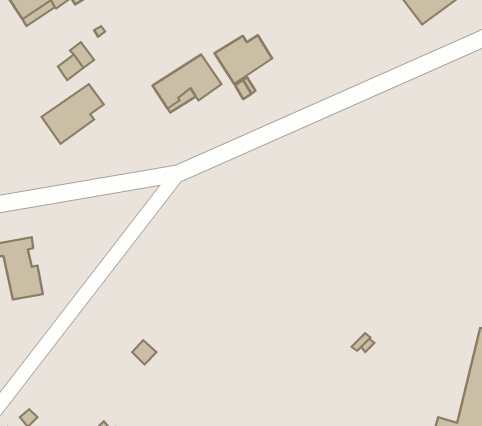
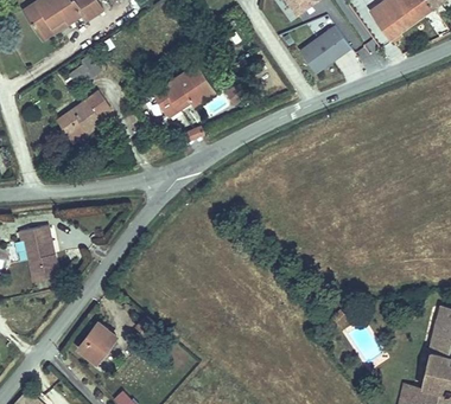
building: none -> [299,26,350,73]
building: [215,35,272,84] -> none
building: none -> [78,322,116,363]

